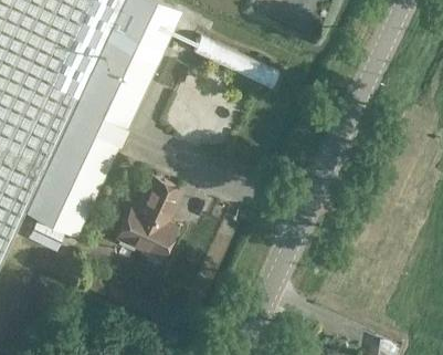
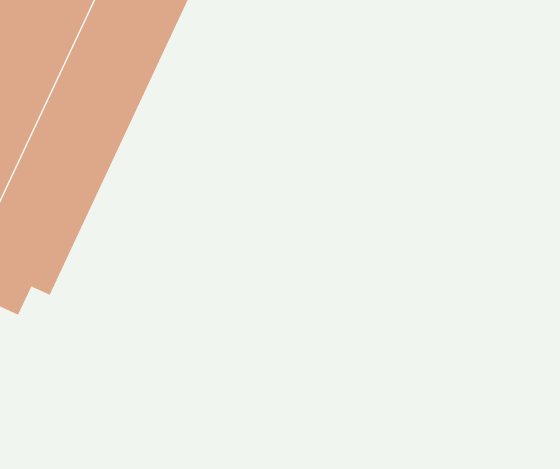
building: [117,175,181,257] -> none

